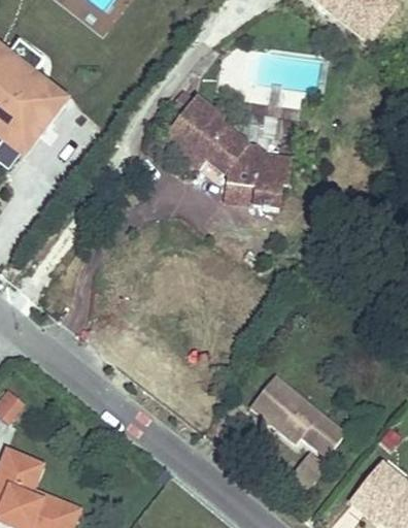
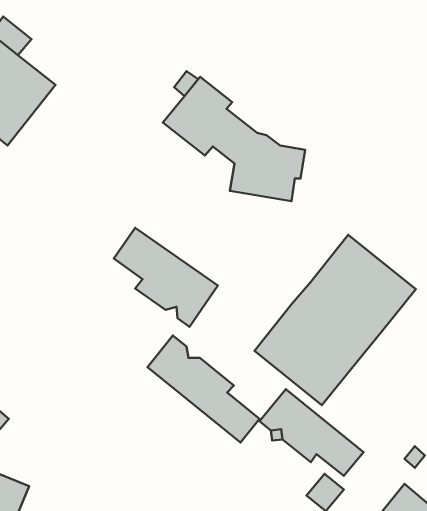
building: none -> [114,228,218,327]
building: none -> [254,235,416,405]
building: none -> [148,336,260,442]

